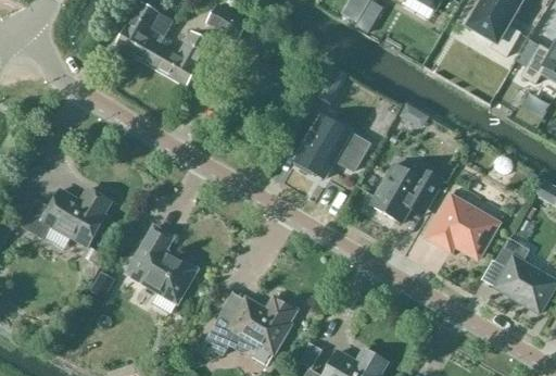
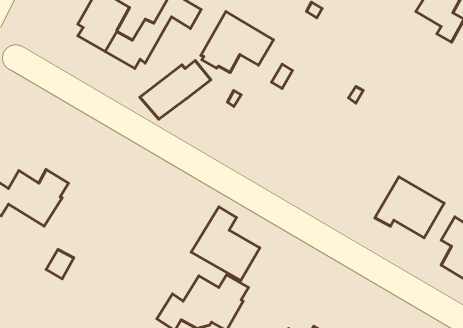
building: none -> [140,60,211,119]
building: [294,114,369,177] -> [201,11,273,72]
building: [370,162,443,222] -> none
building: [126,225,197,301] -> [191,207,260,281]

